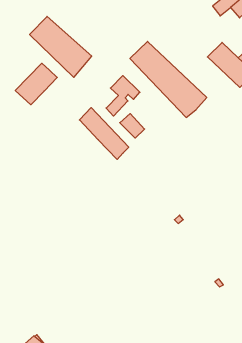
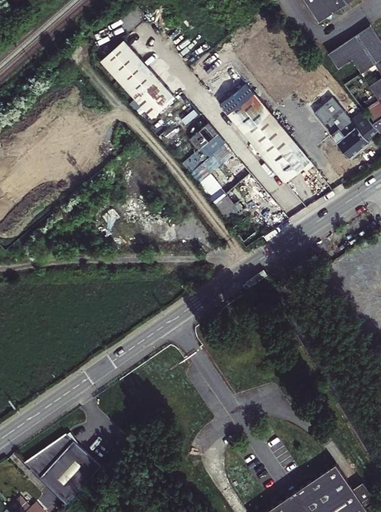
building: [15,63,57,105] -> none
building: [79,108,129,159] -> none

